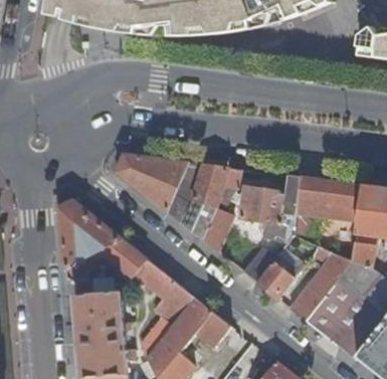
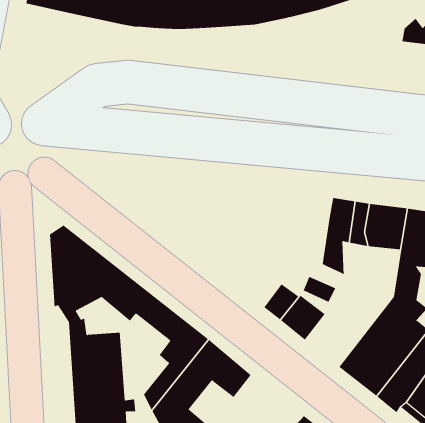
building: [117,154,245,250] -> none
building: [241,187,298,233] -> none
building: [291,245,352,320] -> none

